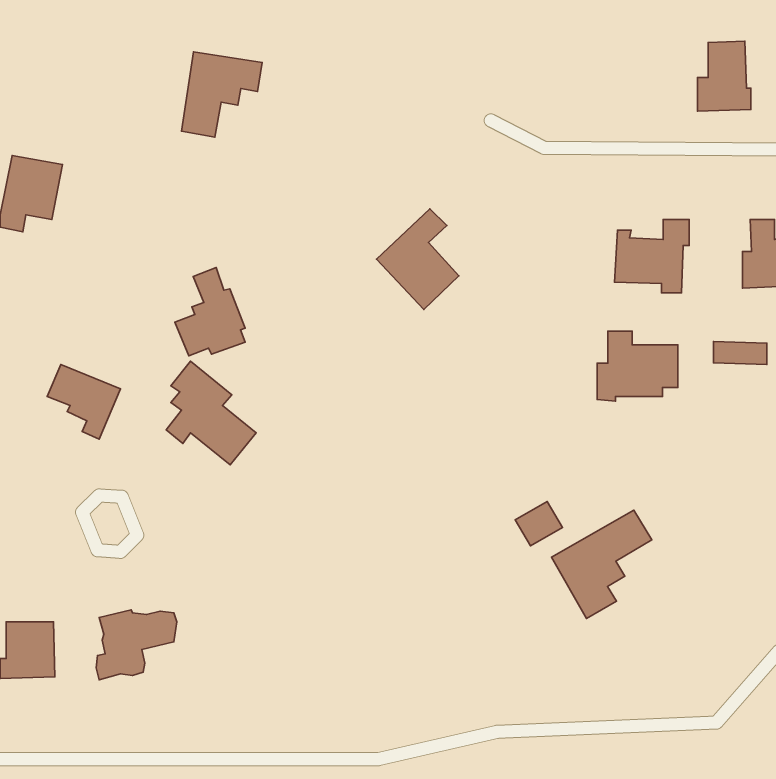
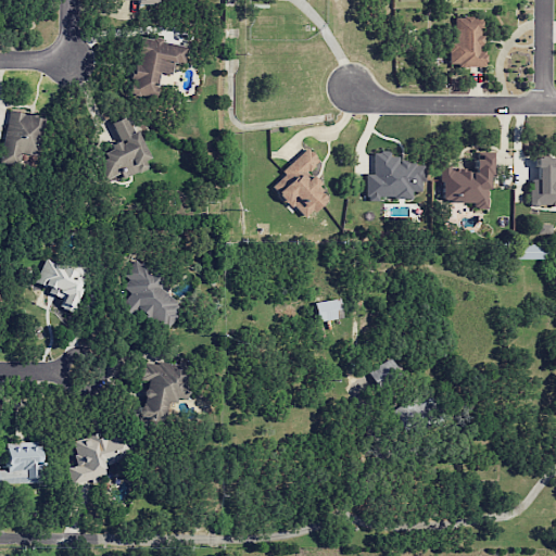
building: [698,41,751,111] -> [448,16,486,66]
building: [175,267,245,356] -> [99,115,149,178]
building: [597,331,678,401] -> [366,151,424,201]
building: none -> [316,300,342,320]
building: none -> [141,362,188,425]
building: [551,510,652,618] -> none

